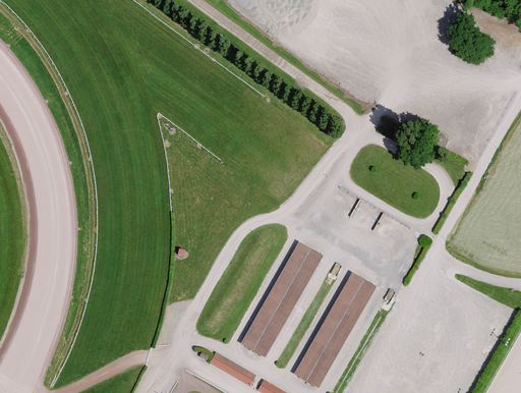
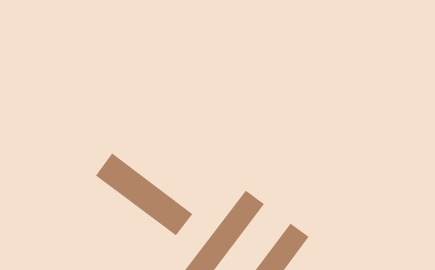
building: none -> [95,153,193,236]

